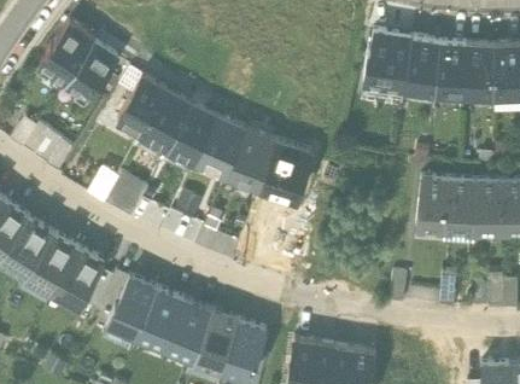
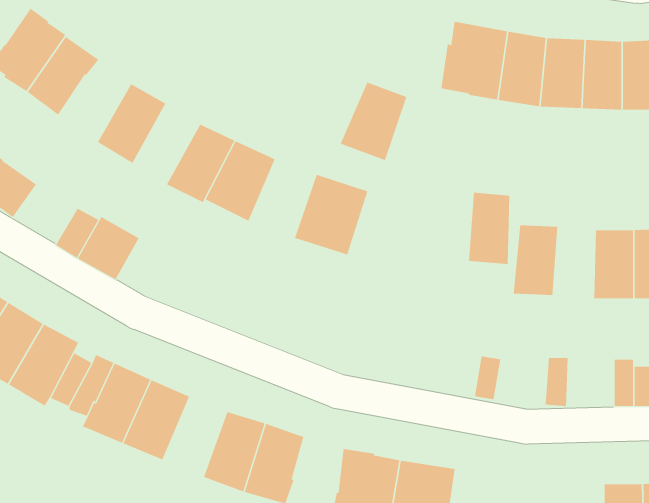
building: [142,91,192,149] -> none
building: [227,130,275,187] -> [340,82,407,161]
building: [445,179,475,231] -> [468,192,510,265]
building: [165,301,211,359] -> none

